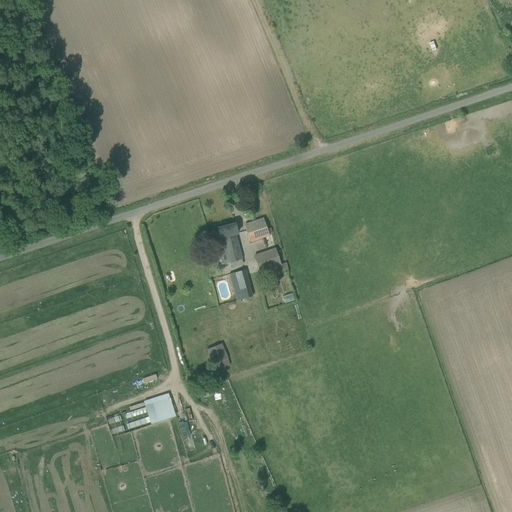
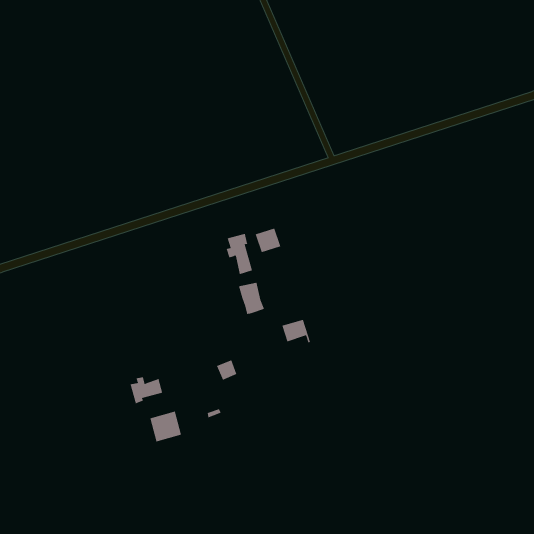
building: [254,249,282,272] -> [282,319,311,343]
building: none -> [130,376,163,404]

